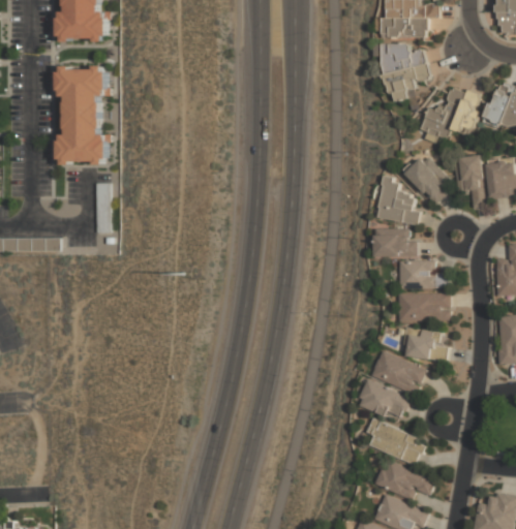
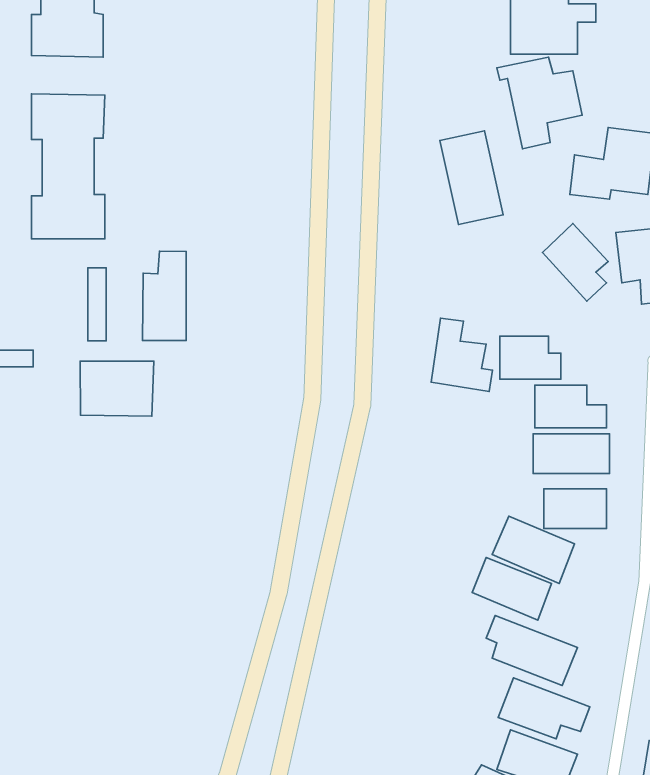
building: none -> [440,131,503,225]
building: none -> [142,251,186,341]
building: [377,175,419,224] -> [431,318,492,391]
building: none -> [80,361,154,416]

